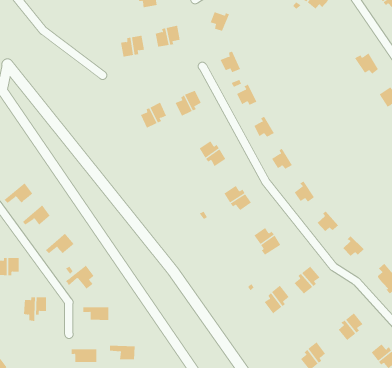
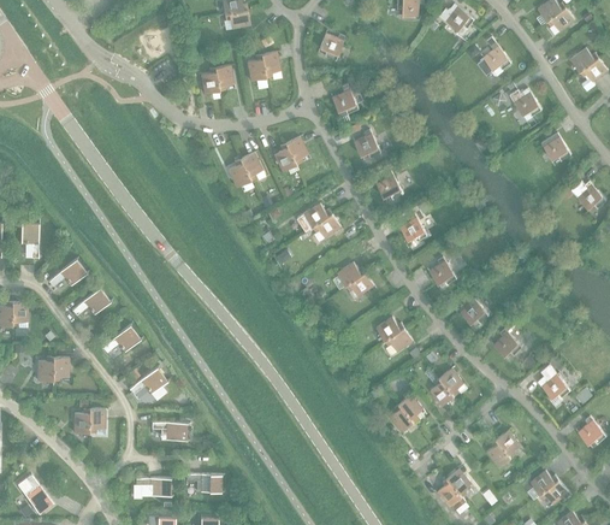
building: none -> [482,37,510,77]

